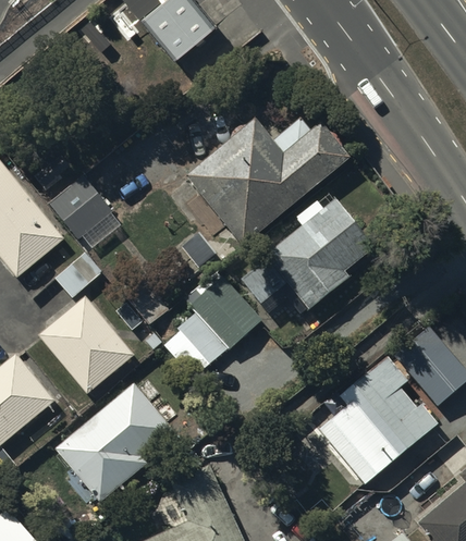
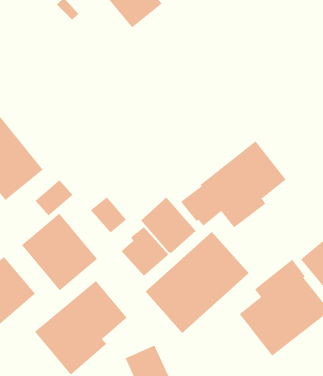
building: [188,122,353,251] -> none
building: [53,177,119,243] -> none
building: none -> [145,231,249,334]

